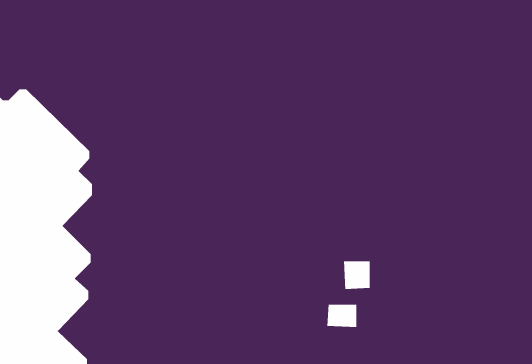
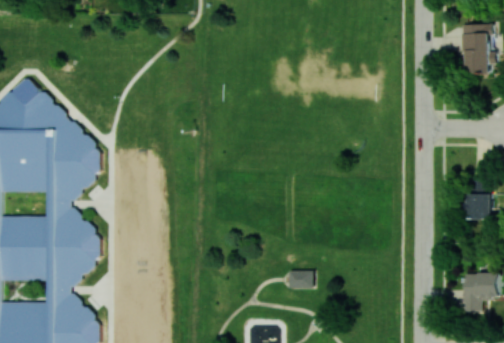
building: [343,261,370,290] -> none

